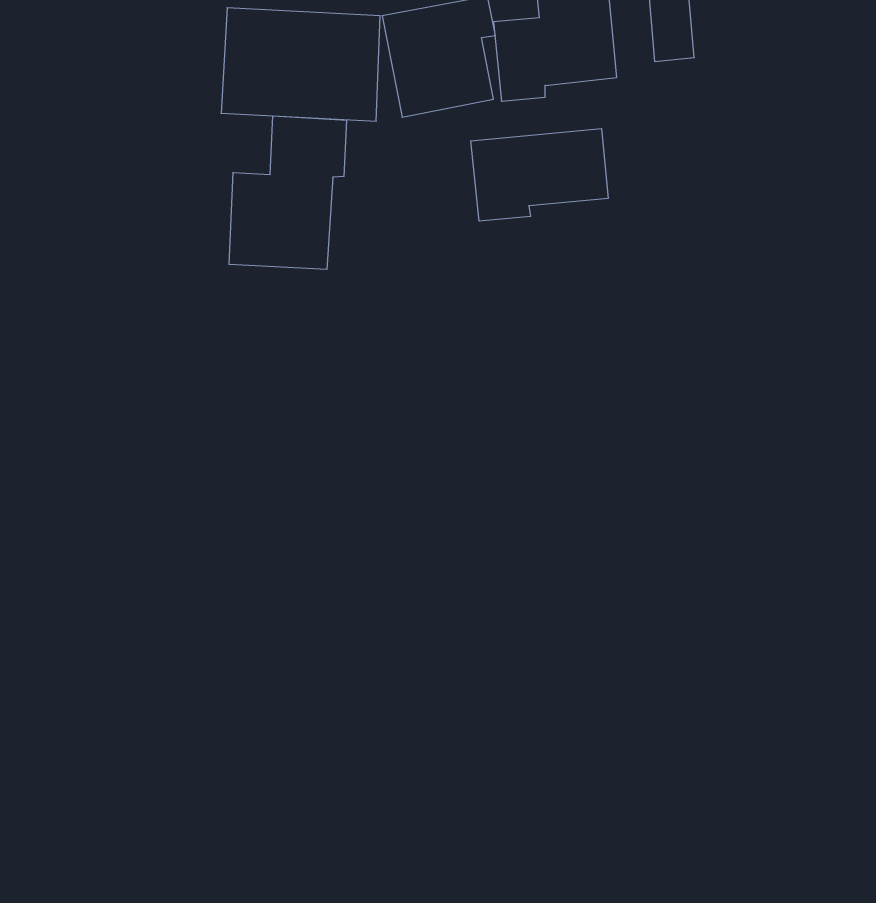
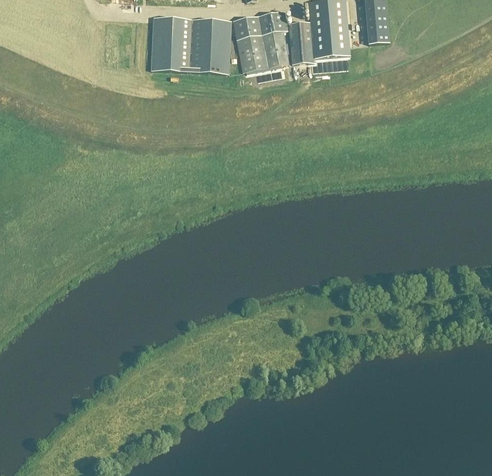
building: [229,116,347,269] -> none
building: [471,129,608,221] -> none

